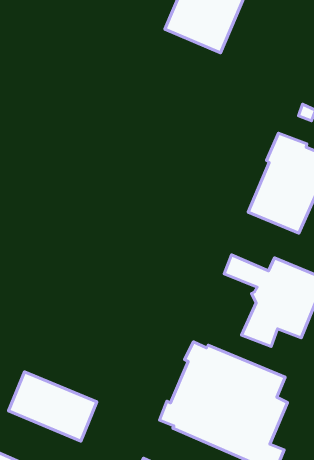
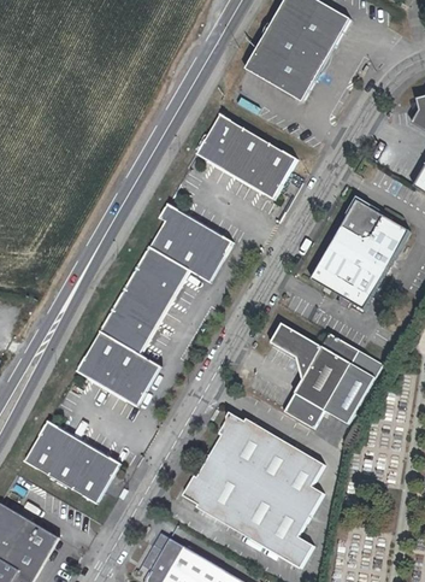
building: none -> [194,111,296,199]
building: none -> [75,201,231,406]

